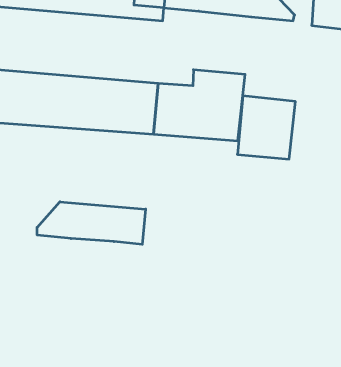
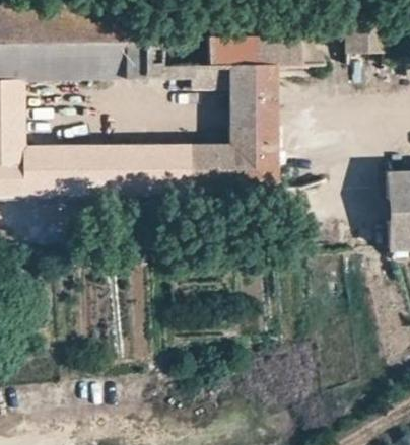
building: [237,96,295,159] -> [225,65,279,125]
building: [37,202,146,244] -> none

